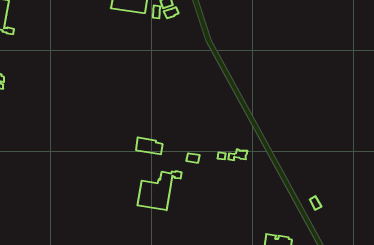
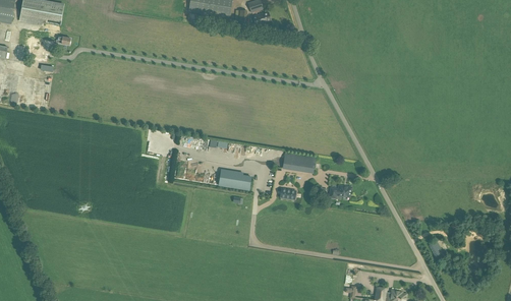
building: none -> [284,153,316,171]
building: [137,171,182,210] -> none

